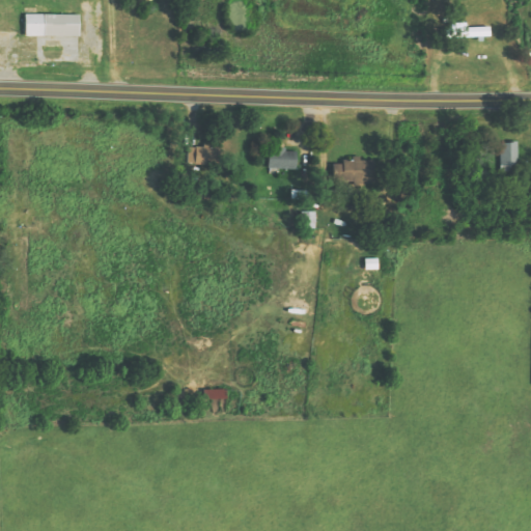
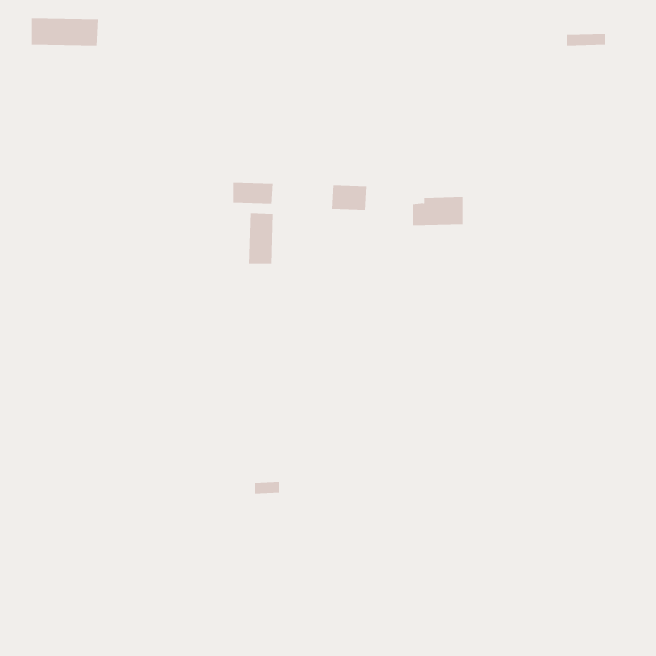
building: [500,143,519,166] -> none
building: none -> [249,212,273,265]

